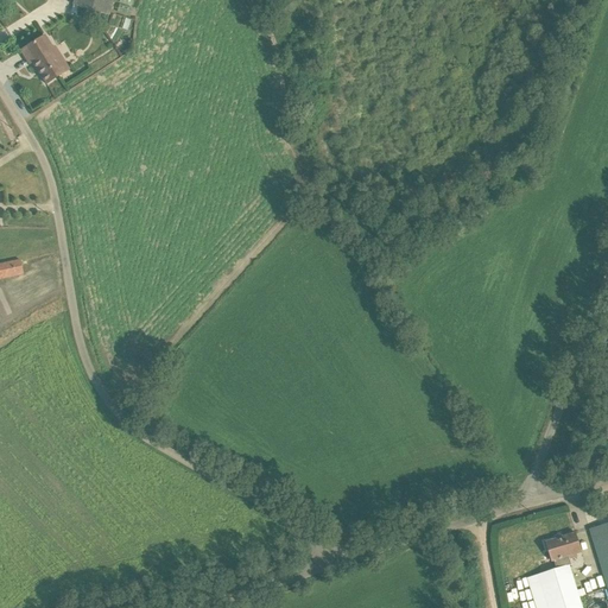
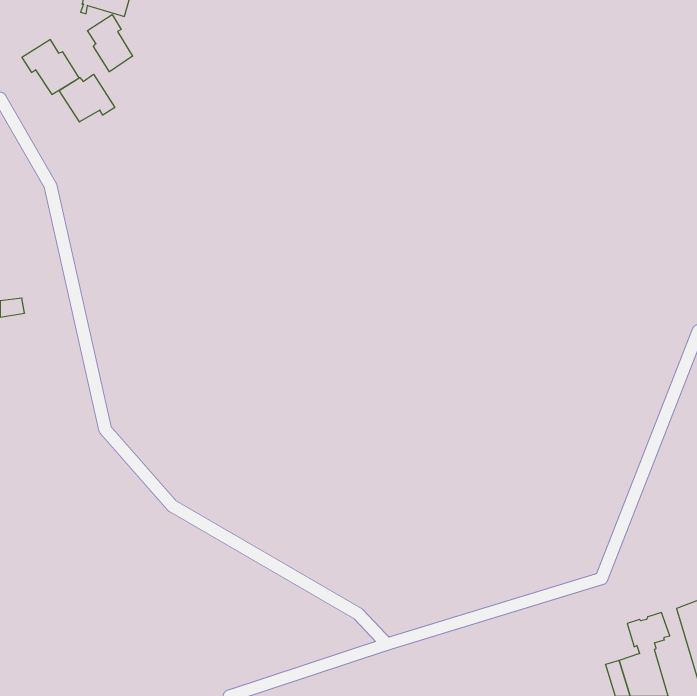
building: none -> [87,15,133,72]
building: none -> [59,74,115,122]

